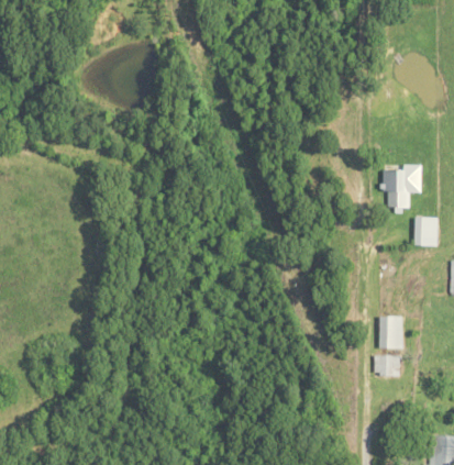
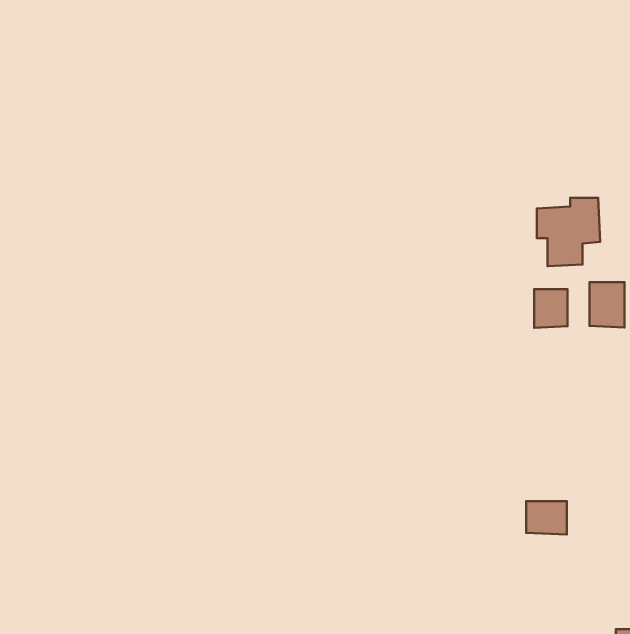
building: none -> [534,289,567,328]
building: [379,317,402,348] -> none

